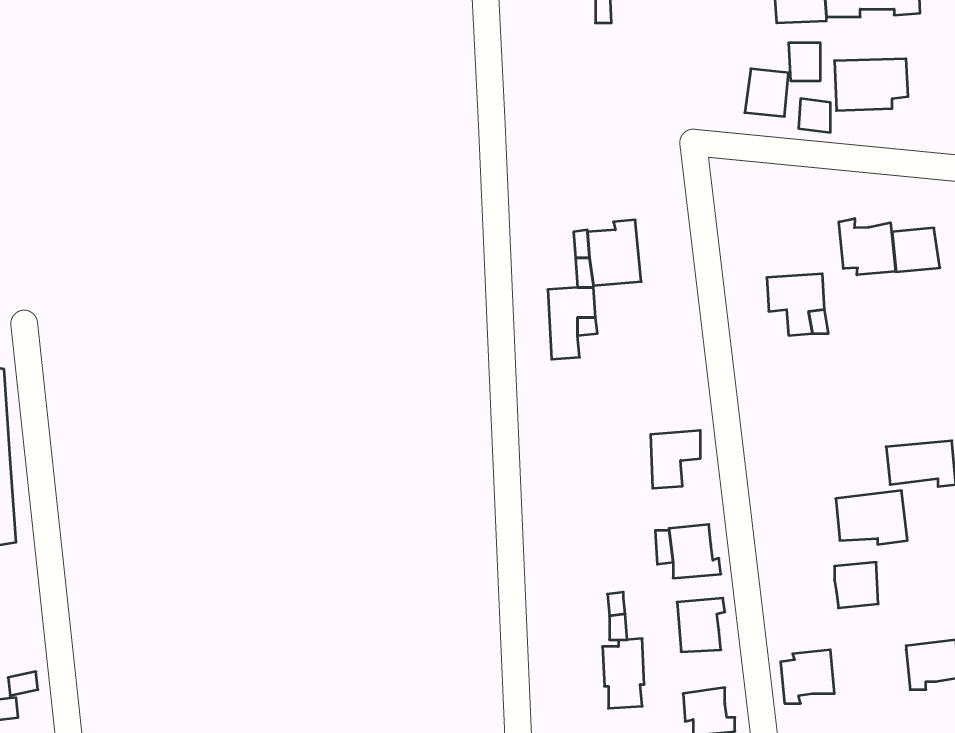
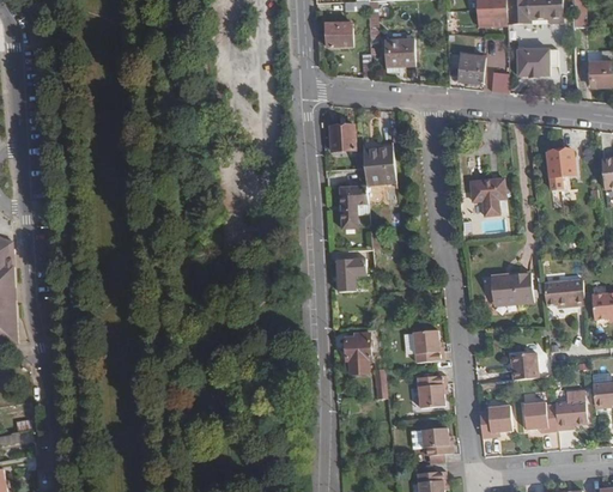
building: none -> [324,23,351,45]
building: none -> [384,37,414,66]
building: none -> [328,124,354,150]
building: [839,218,895,275] -> none
building: [651,430,700,488] -> [336,256,366,291]
building: [836,491,907,544] -> [490,271,533,303]
building: [602,639,644,708] -> [345,332,370,373]
building: none -> [522,401,557,430]

